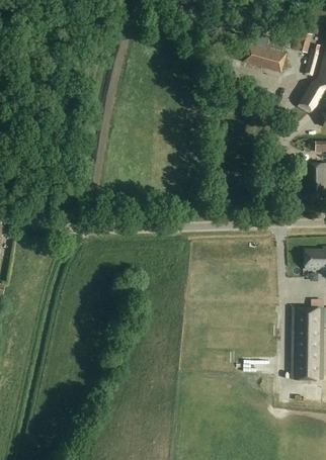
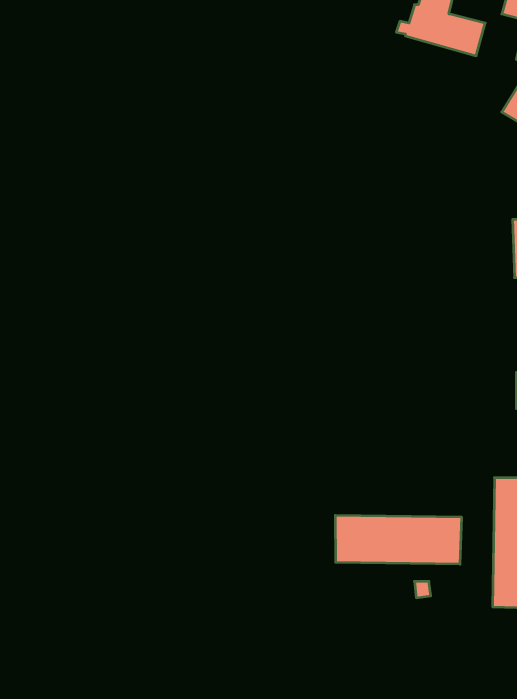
building: none -> [335,515,461,564]

